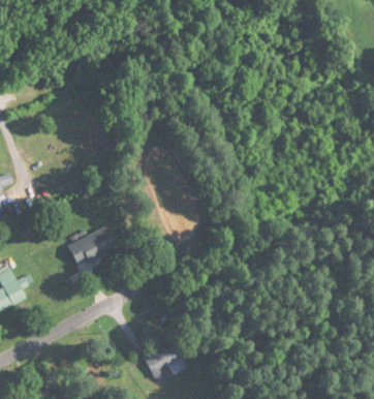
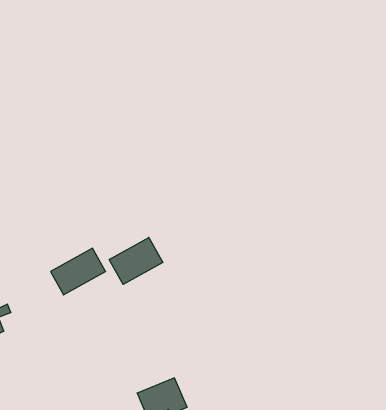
building: none -> [109,237,163,284]

